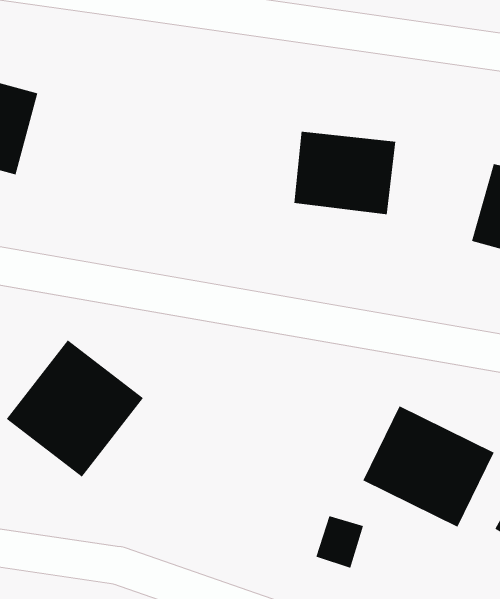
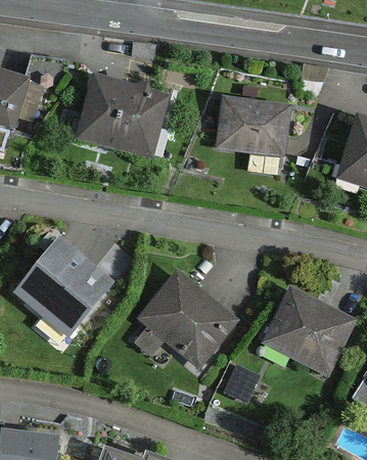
building: none -> [79,74,166,148]
building: none -> [136,274,234,366]

